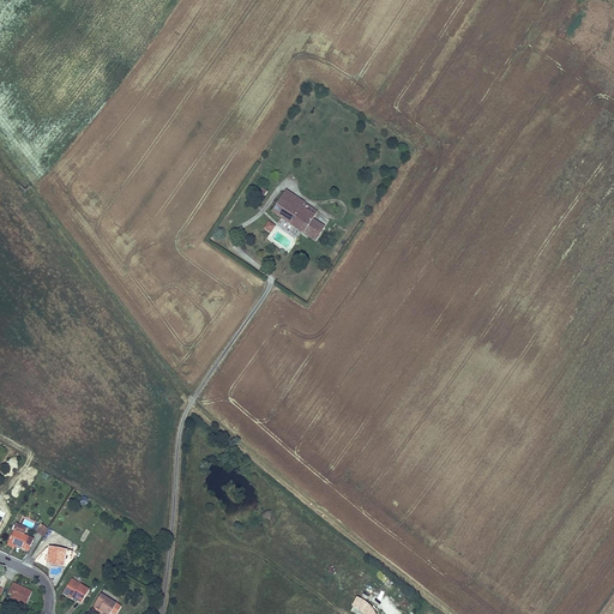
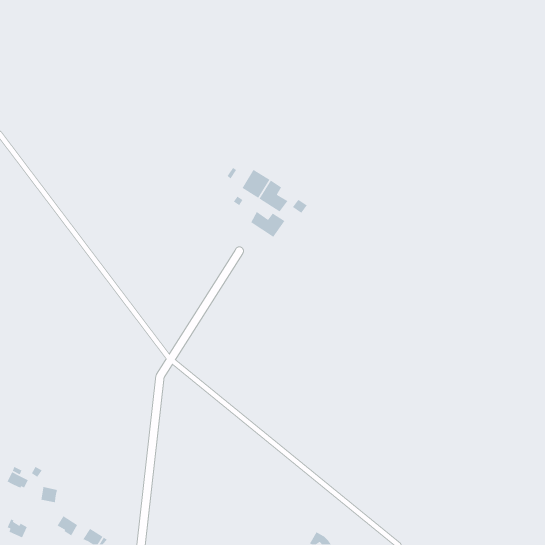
building: none -> [250,211,285,238]

